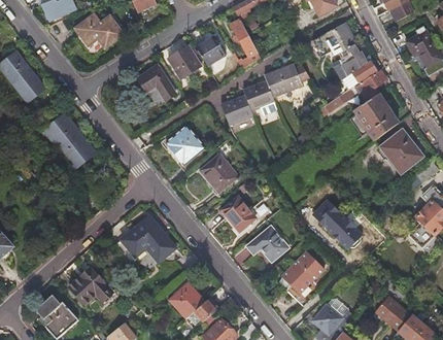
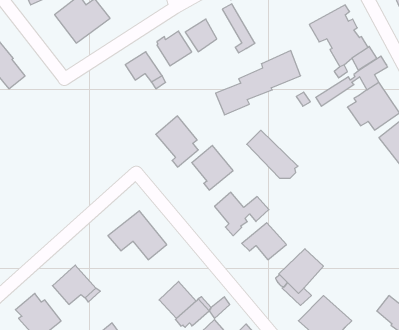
building: [46,113,95,168] -> none
building: [313,201,362,246] -> [247,130,298,178]

